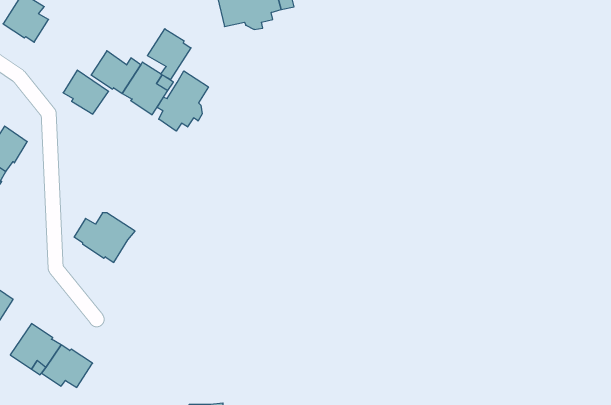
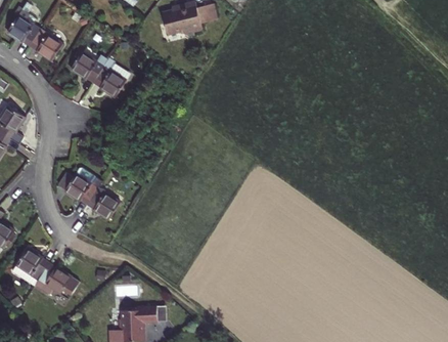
building: [147,29,191,80] -> none
building: [63,70,109,114] -> [30,29,62,60]
building: [157,71,208,131] -> none
building: none -> [87,187,120,219]

